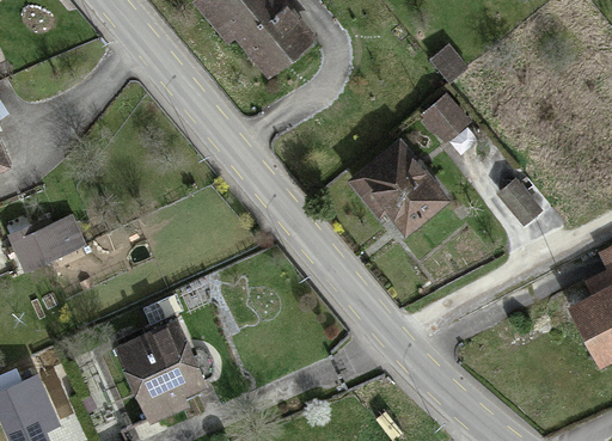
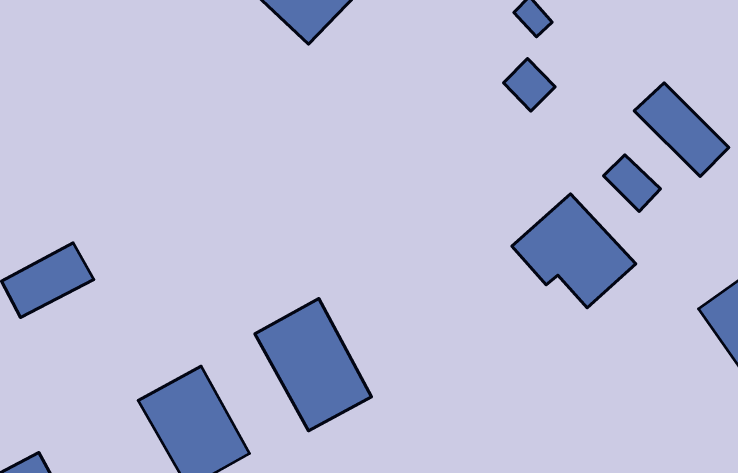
building: none -> [634,83,729,176]
building: [347,137,443,228] -> [512,194,636,308]
building: none -> [255,299,371,431]

